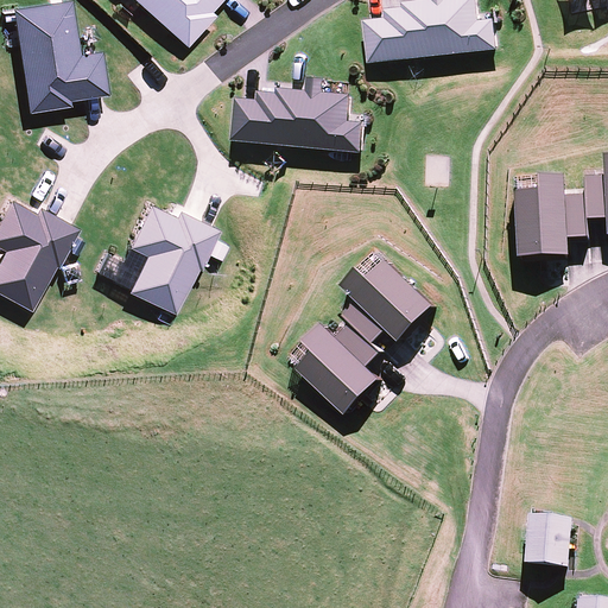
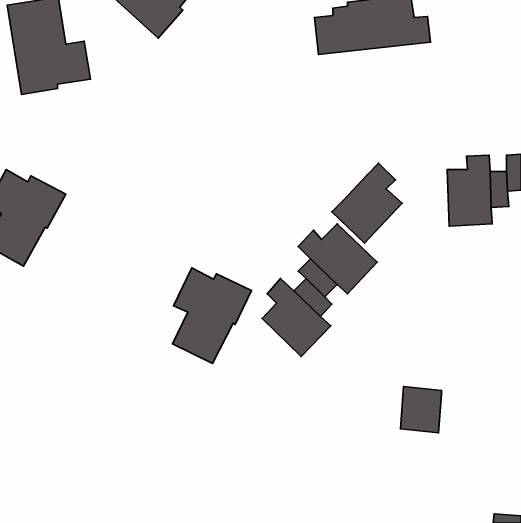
building: [232,76,365,152] -> none
building: none -> [332,163,402,243]
building: [125,201,216,311] -> [172,268,252,363]
building: [518,511,565,564] -> [400,387,441,433]

